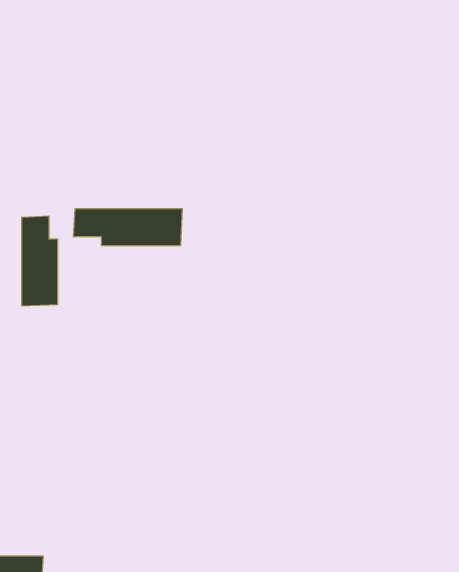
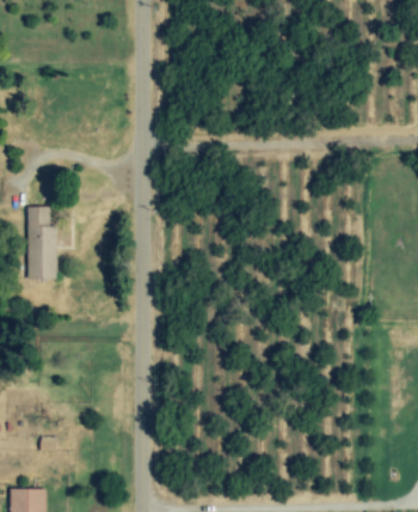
building: [73,209,182,246] -> none

